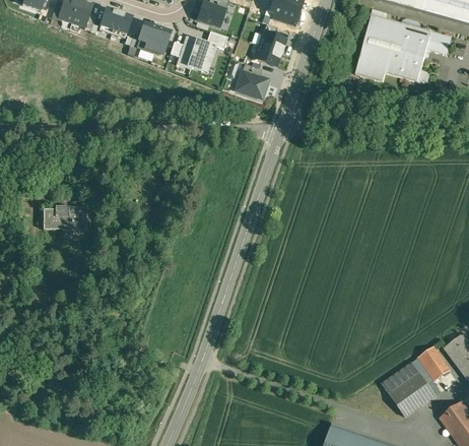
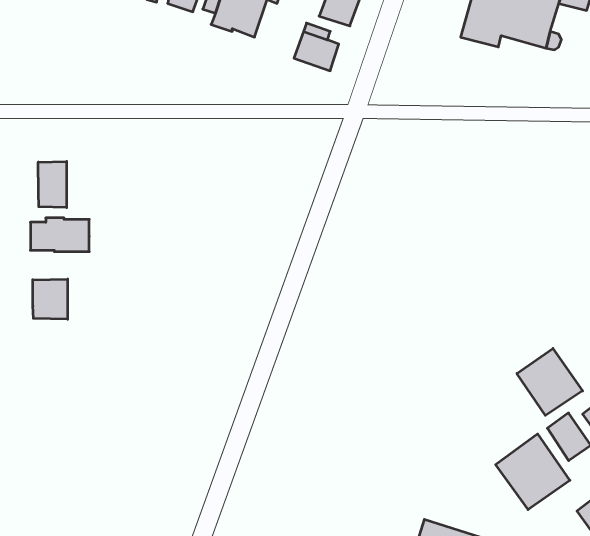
building: none -> [38,161,67,208]
building: none -> [33,279,68,319]
building: none -> [517,348,583,415]

